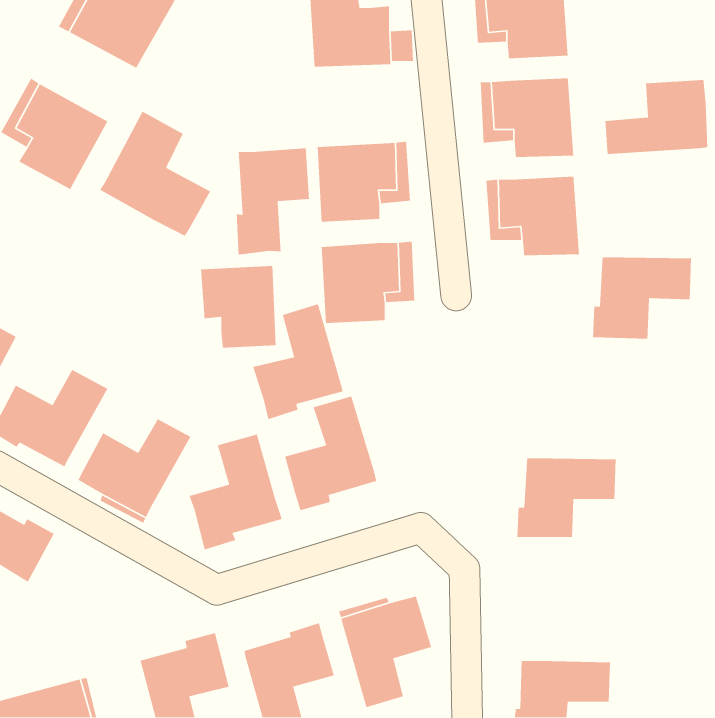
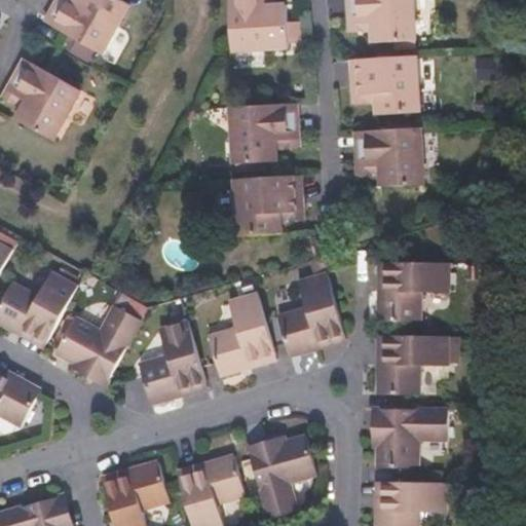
building: [605,79,708,155] -> none
building: [99,111,211,237] -> none
building: [236,147,310,255] -> none
building: [592,257,692,340] -> [380,261,453,322]
building: [200,265,277,349] -> none
building: [252,303,344,420] -> [277,268,344,353]
building: none -> [376,407,447,468]

